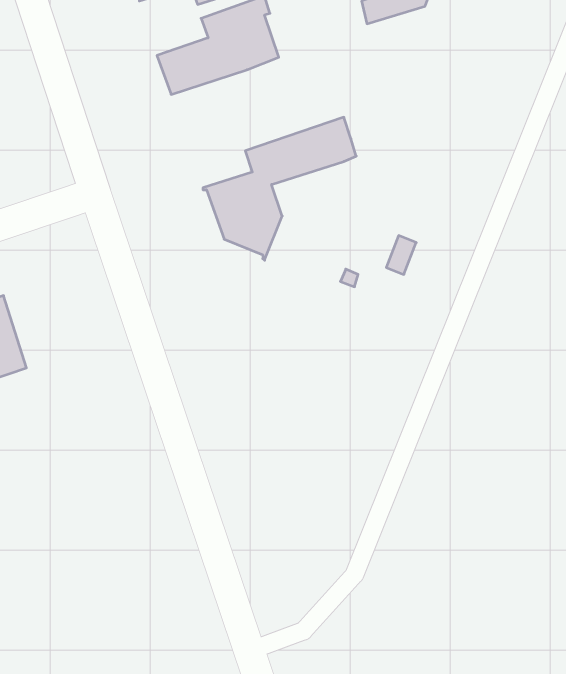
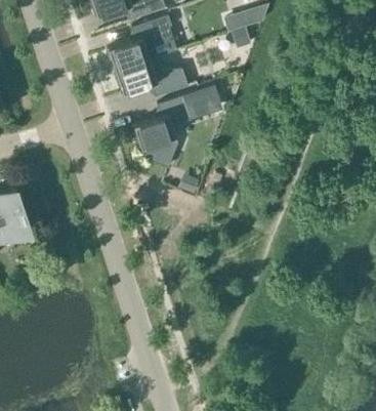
building: none -> [115,58,190,98]

